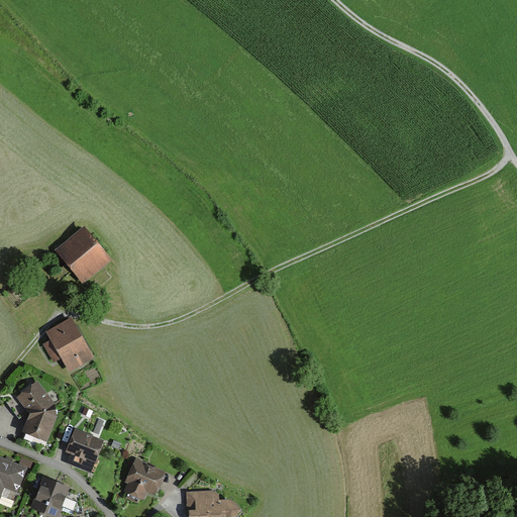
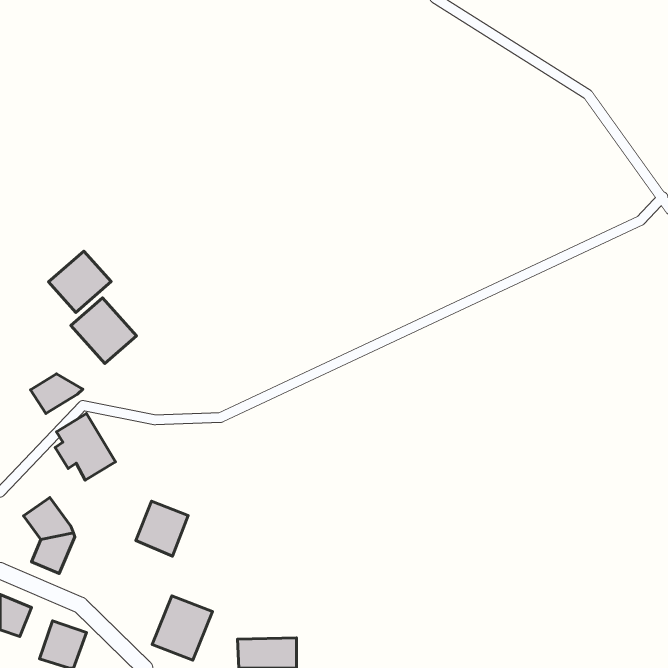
building: none -> [48,251,111,312]
building: none -> [31,374,83,414]
building: [62,428,102,471] -> [136,501,188,556]

